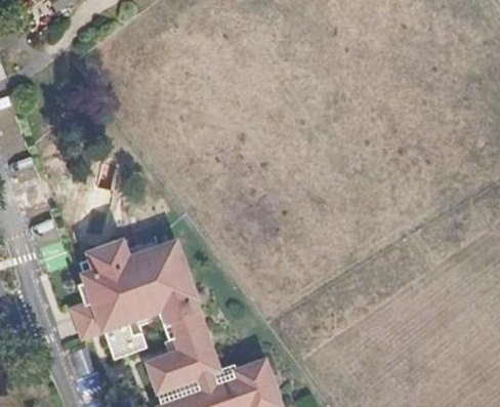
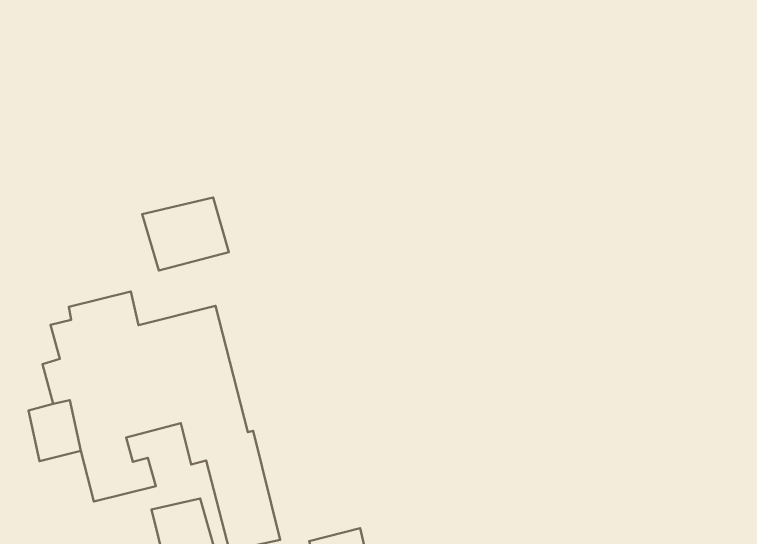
building: none -> [142,197,229,271]

